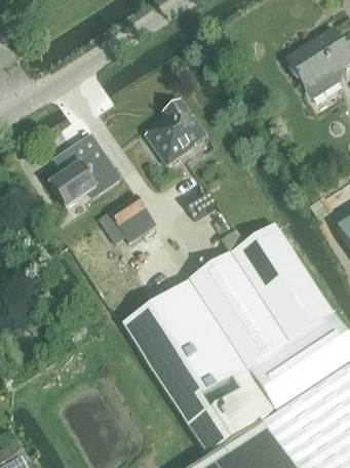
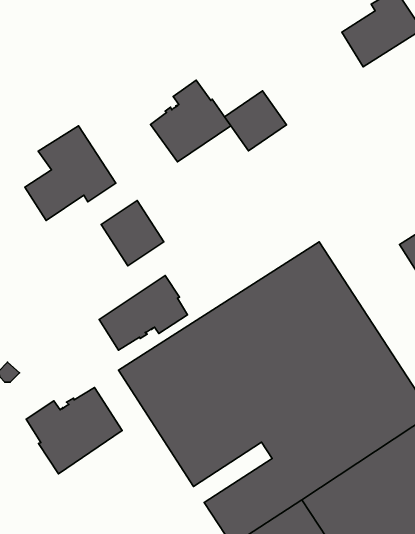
building: none -> [225,91,286,151]
building: none -> [99,275,188,350]
building: none -> [26,387,122,474]

